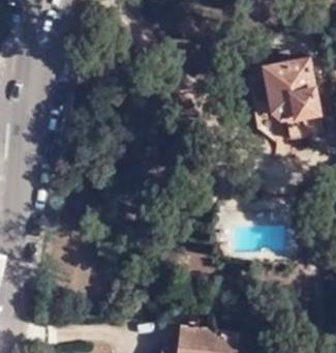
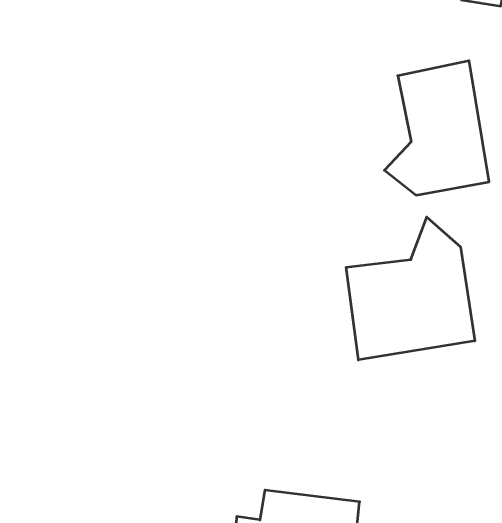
building: none -> [346,217,475,360]

